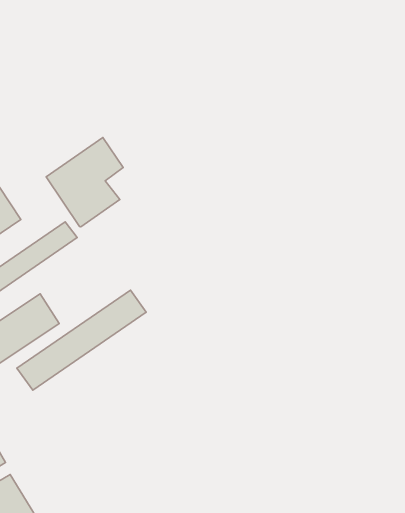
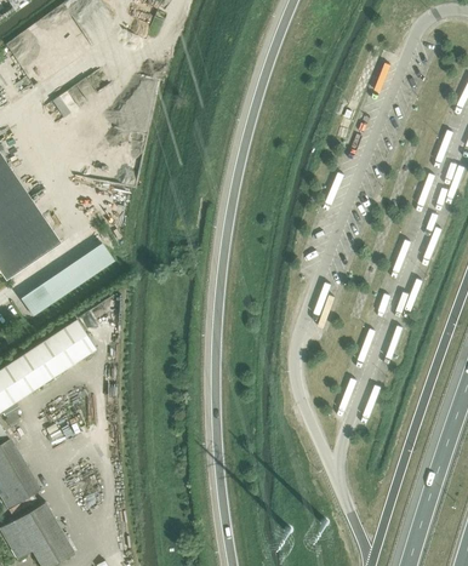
building: [46,138,123,227] -> none
building: [17,290,146,390] -> none

